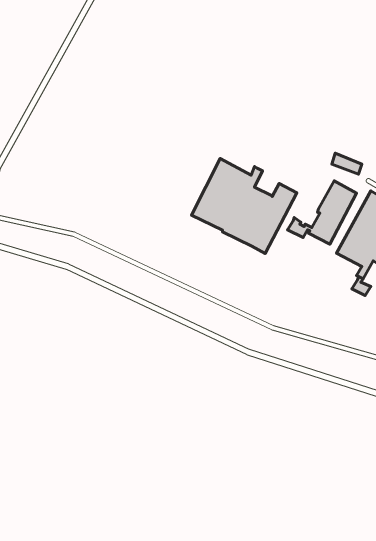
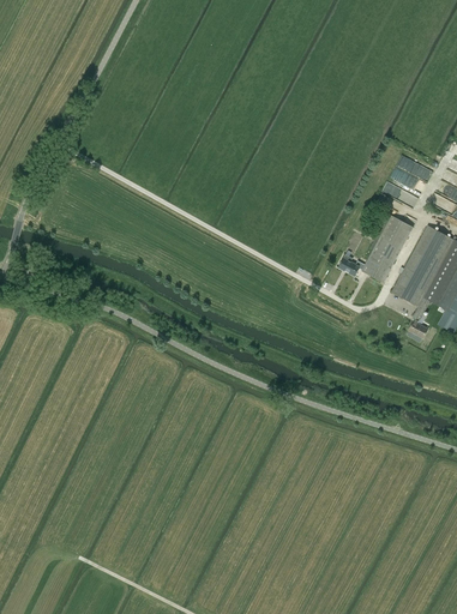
building: none -> [390,155,427,191]
building: [192,159,297,254] -> none

